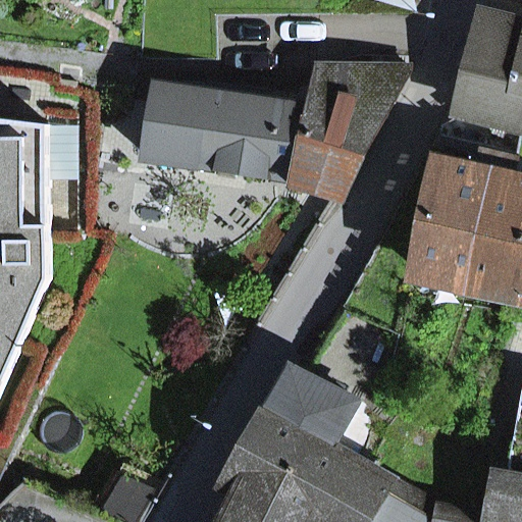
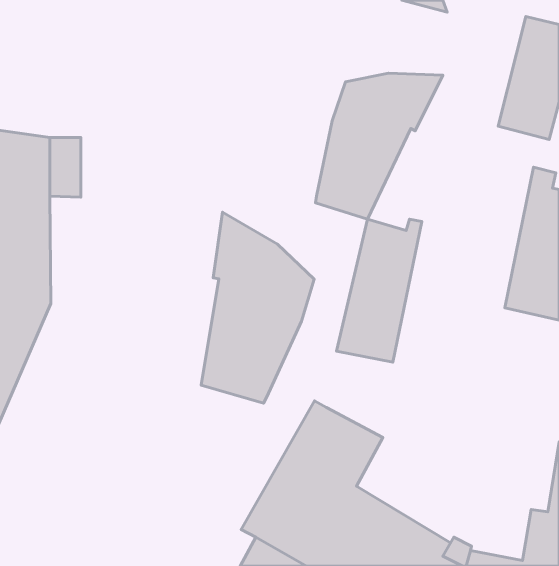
building: [144,83,306,180] -> none
building: [413,152,491,283] -> [337,219,422,362]
building: none -> [201,212,314,403]

